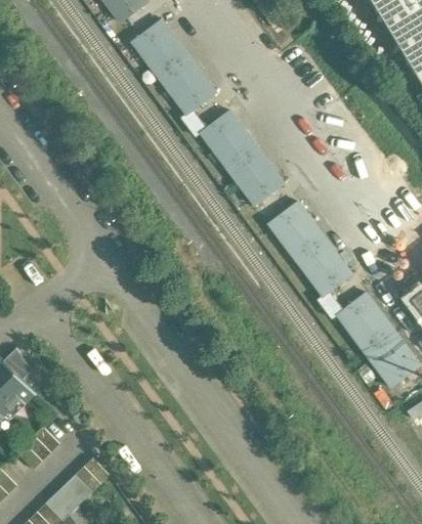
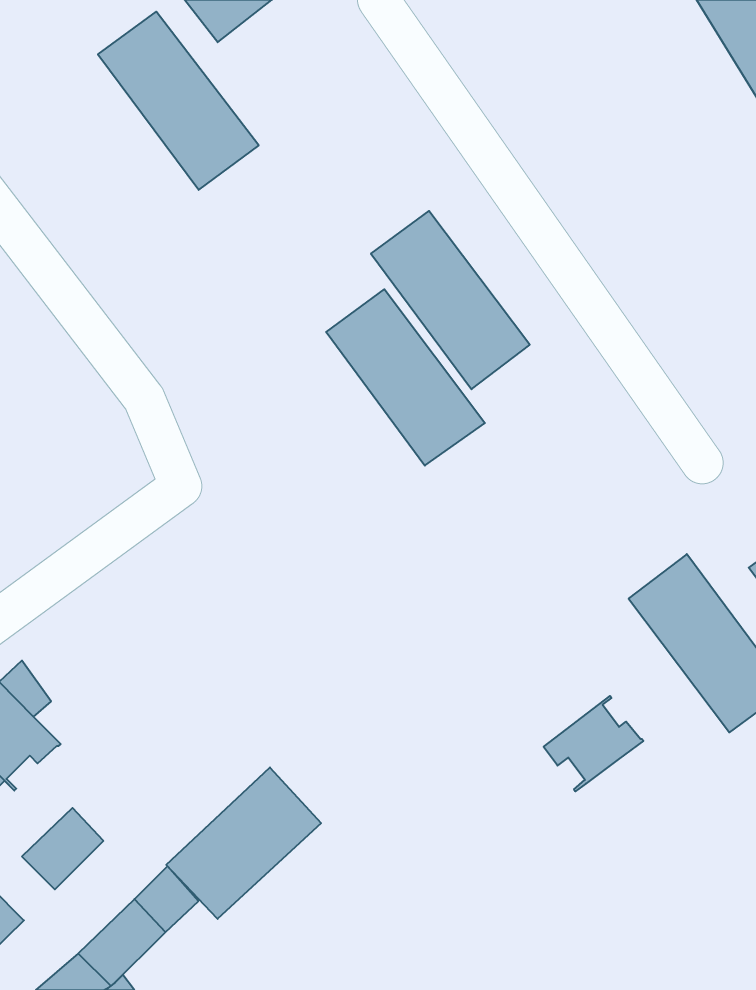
building: [132,20,217,115] -> [98,12,259,190]
building: [269,203,353,296] -> [326,289,485,466]
building: none -> [544,696,643,791]
building: none -> [166,767,321,919]

